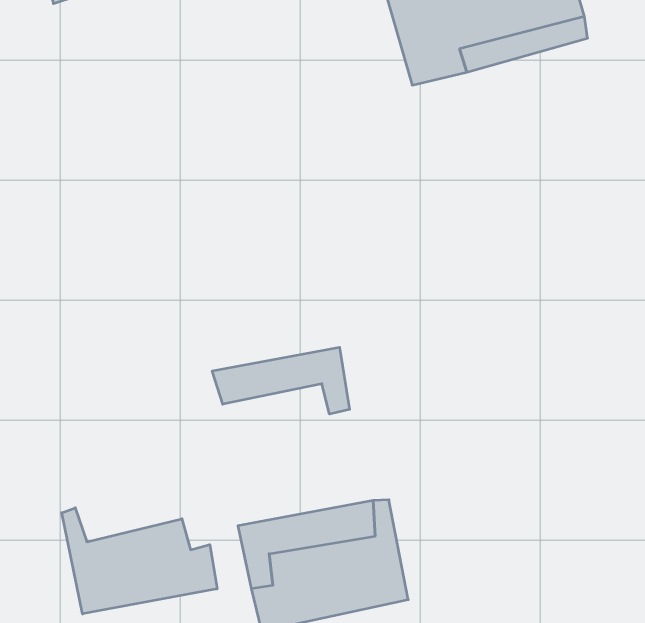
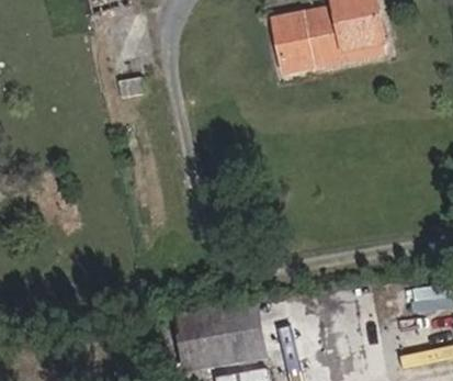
building: [212,347,350,414] -> none
building: [62,508,217,614] -> none

